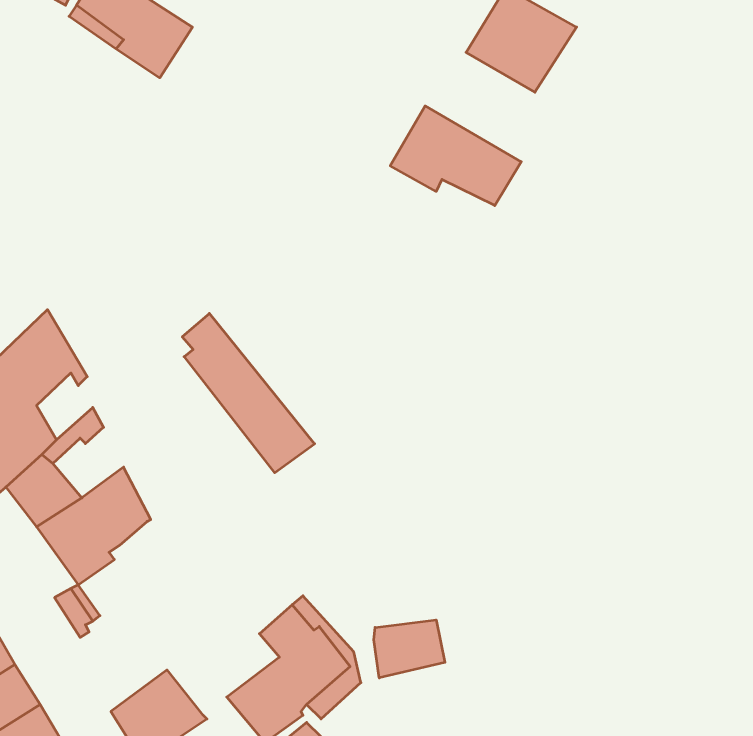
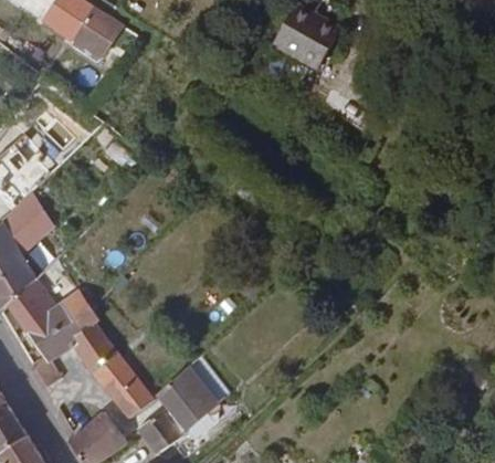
building: [390,106,521,206] -> none
building: [182,313,315,473] -> [74,323,155,420]
building: [374,620,445,678] -> none

